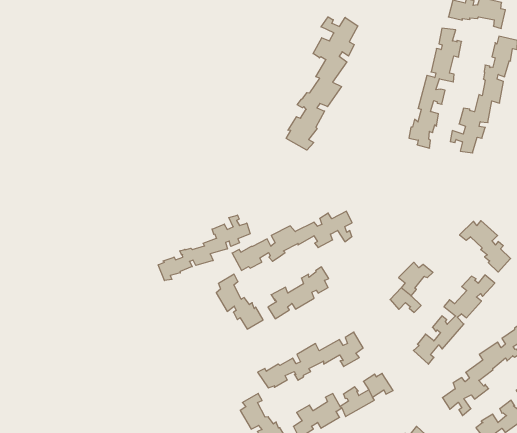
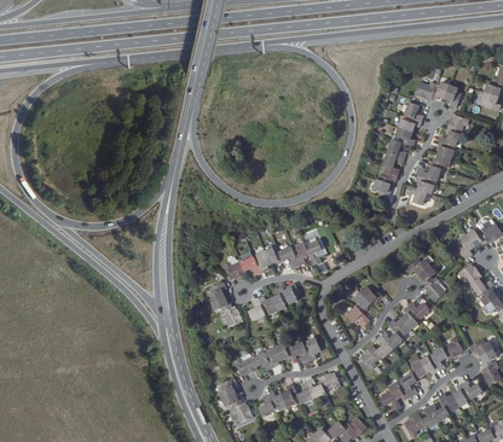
building: [286,17,358,150] -> none
building: [158,215,250,281] -> none

